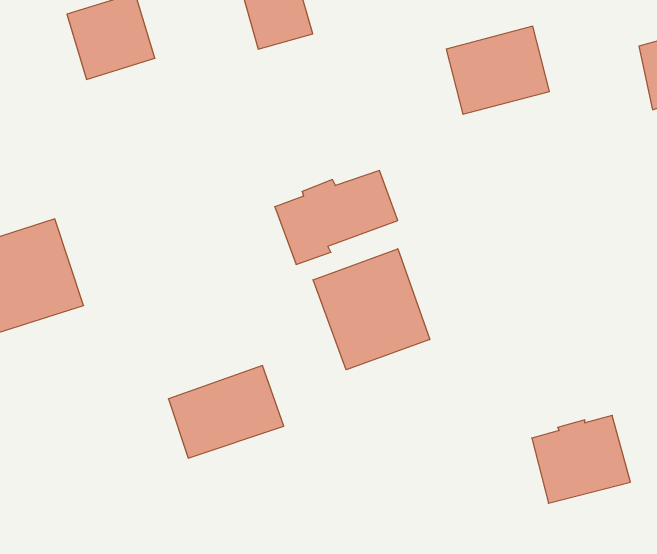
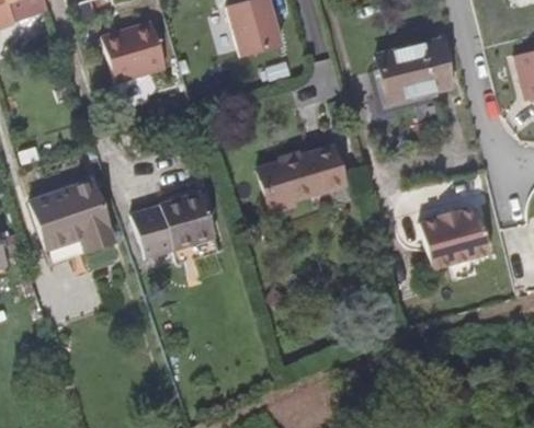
building: [313,249,430,370] -> none
building: [168,366,284,458] -> [134,196,217,263]
building: [532,415,630,503] -> [421,205,492,268]

